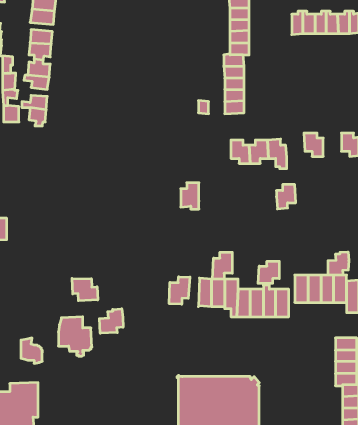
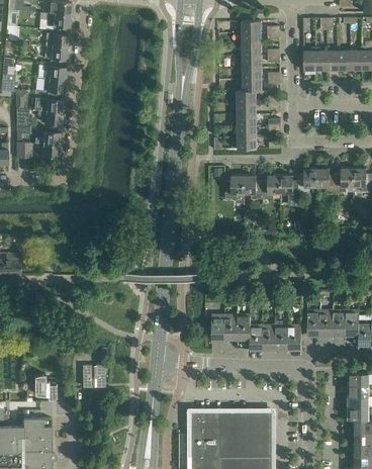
building: none -> [336,169,354,192]
building: [181,183,199,209] -> [225,176,244,202]
building: [276,185,296,209] -> [298,169,317,193]
building: [328,252,349,275] -> none
building: [213,252,232,279] -> none
building: [258,261,279,283] -> none
building: [169,277,190,304] -> none
building: [72,278,98,301] -> none
building: [99,309,123,333] -> none

